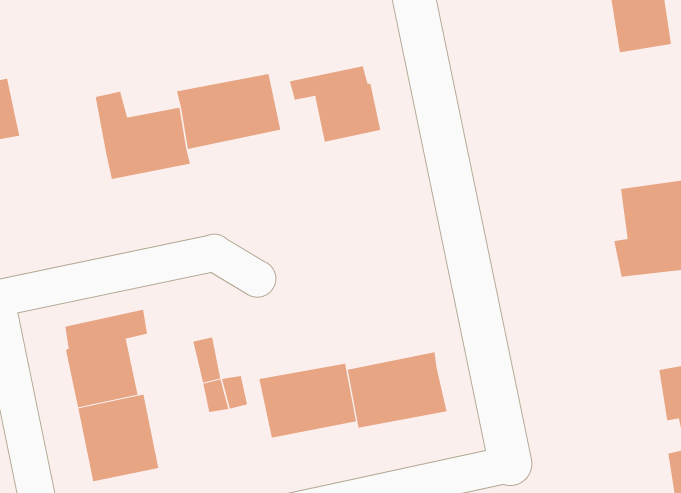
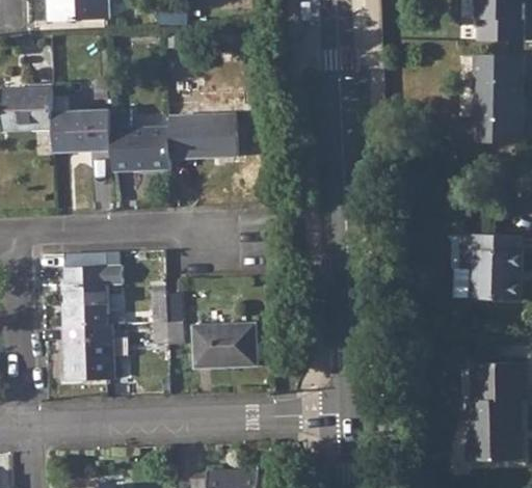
building: [289,66,381,142] -> none
building: none -> [53,111,111,153]
building: [347,351,447,429] -> none

